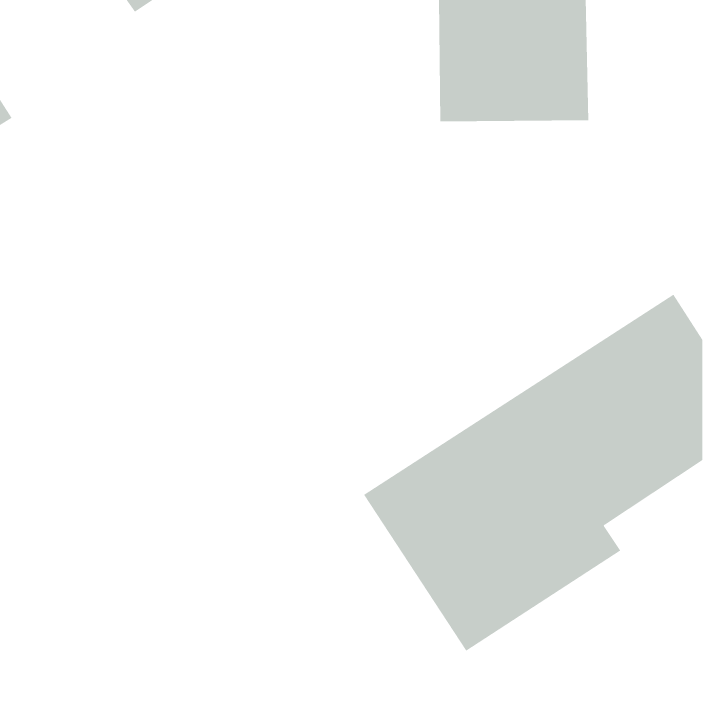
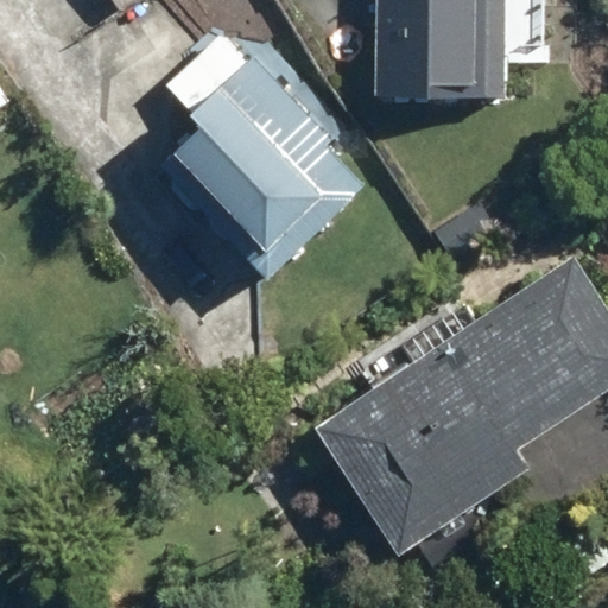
building: none -> [158,31,369,268]

